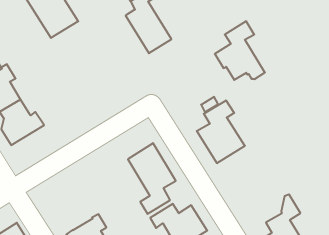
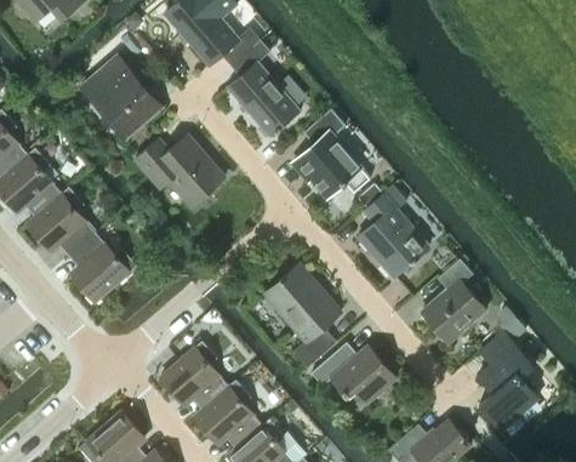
building: [215,21,265,80] -> [293,110,370,198]
building: none -> [133,137,223,207]
building: none -> [422,259,486,343]
building: none -> [160,342,229,410]

